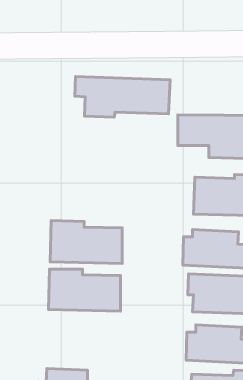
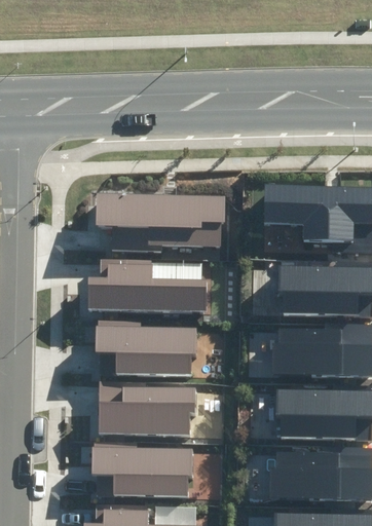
building: [75,77,170,117] -> [96,199,217,251]
building: none -> [88,259,206,314]
building: none -> [97,442,189,495]

